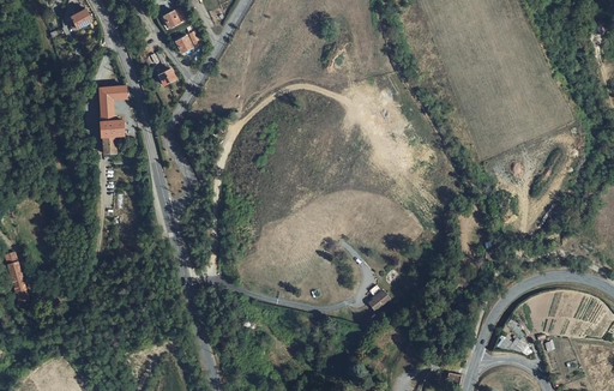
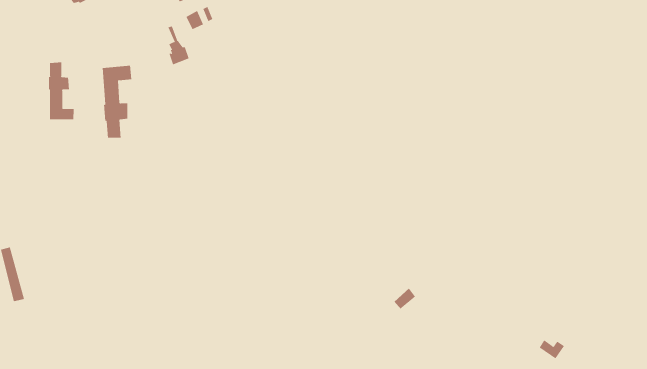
building: none -> [48,62,74,120]

